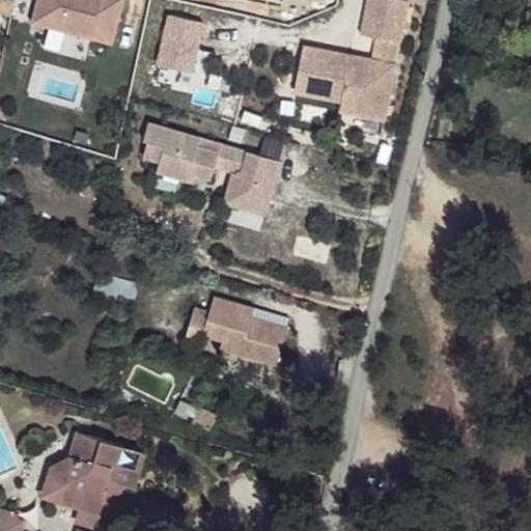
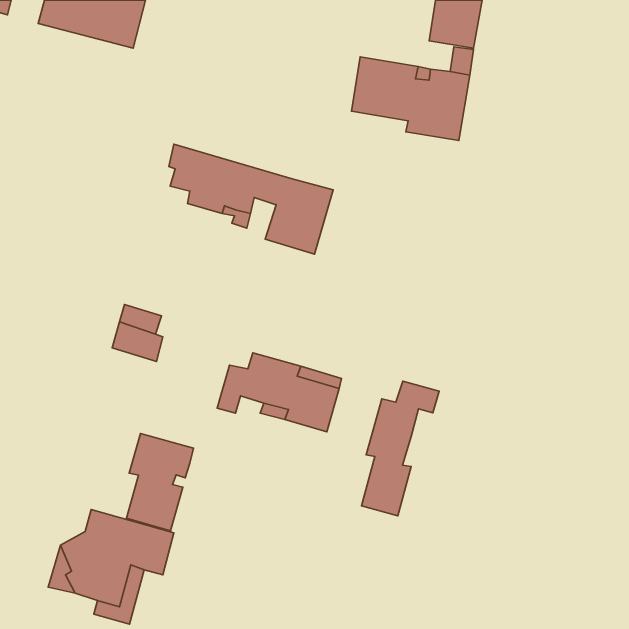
building: [156,15,200,72] -> none
building: none -> [361,381,439,516]
building: none -> [127,433,194,531]

